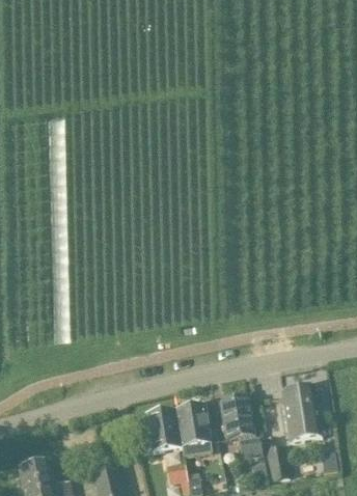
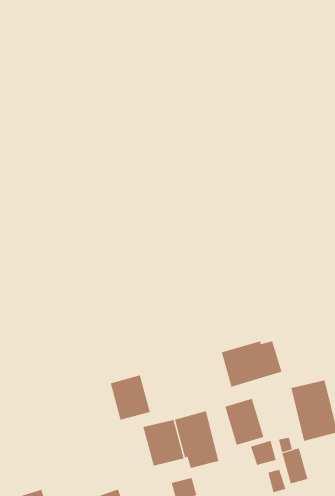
building: none -> [221,341,282,388]
building: none -> [110,375,150,421]

